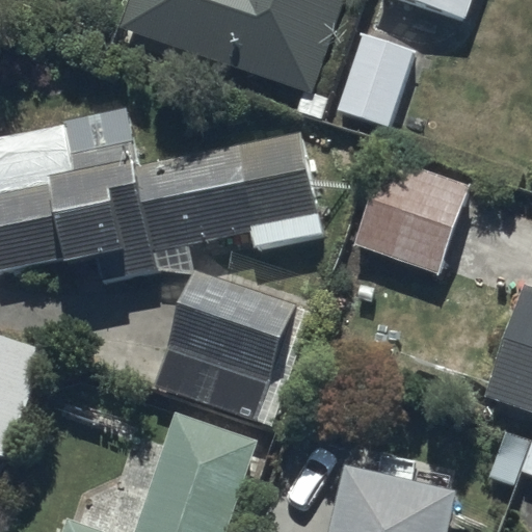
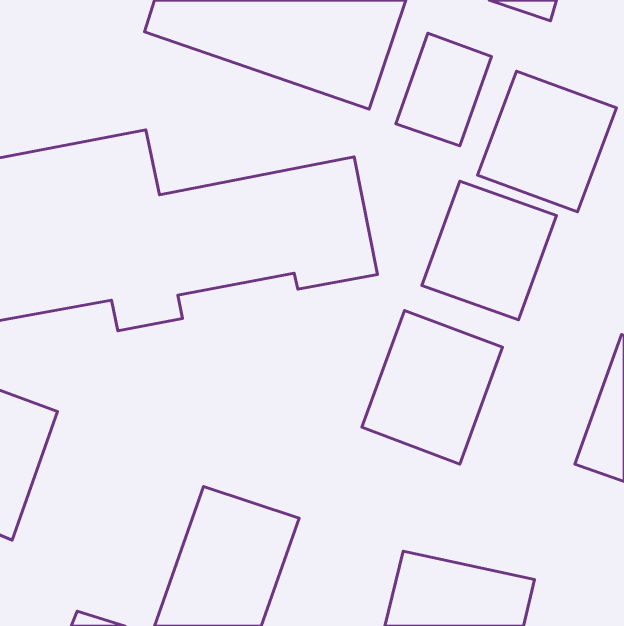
building: none -> [478,71,617,212]
building: none -> [362,310,502,464]
building: [152,271,295,423] -> none

